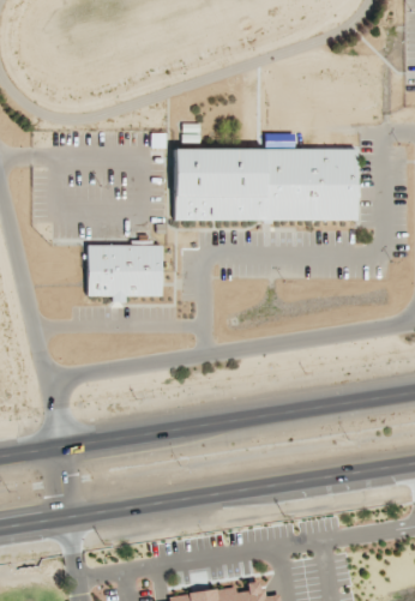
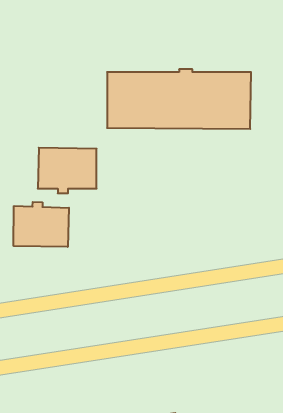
building: none -> [14,202,69,247]

